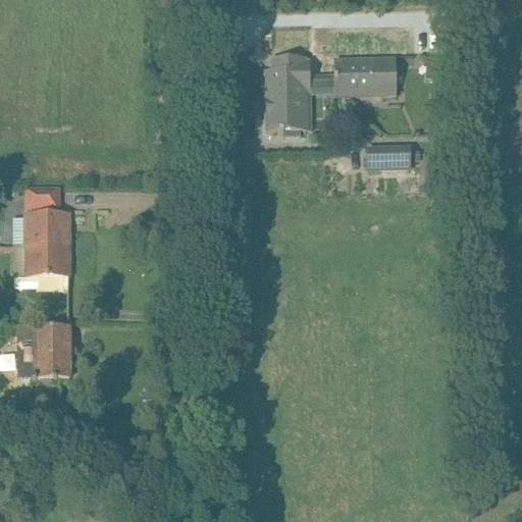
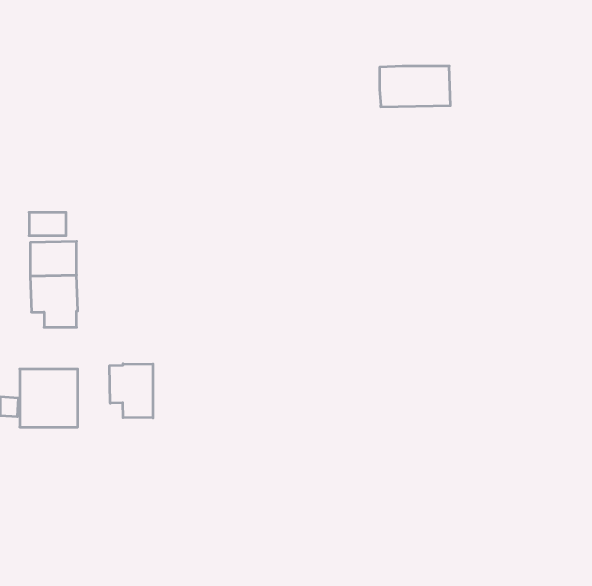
building: [266,56,334,135] -> none
building: [367,147,410,167] -> none
building: none -> [110,364,153,418]

